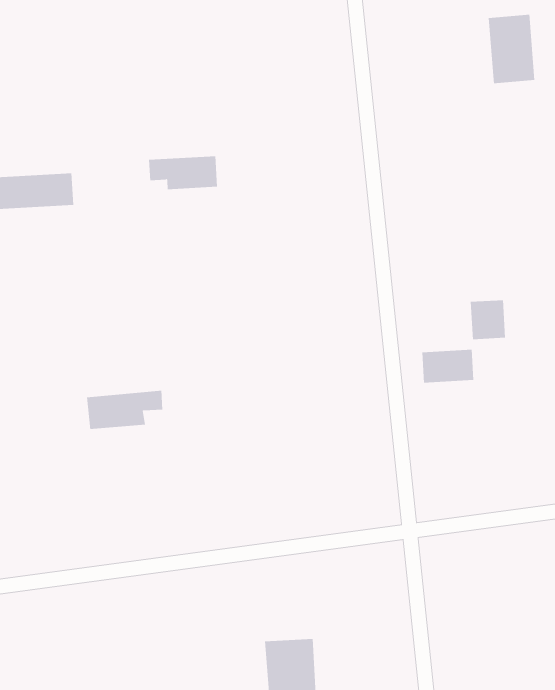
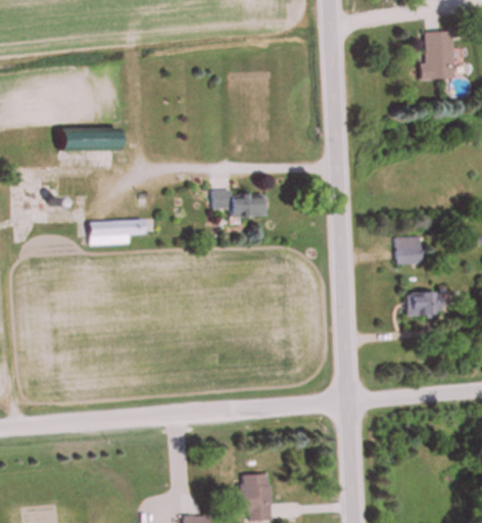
building: [148,156,218,190] -> [216,194,266,217]
building: [422,349,474,383] -> [407,292,444,315]
building: [86,390,163,430] -> [88,220,143,245]

